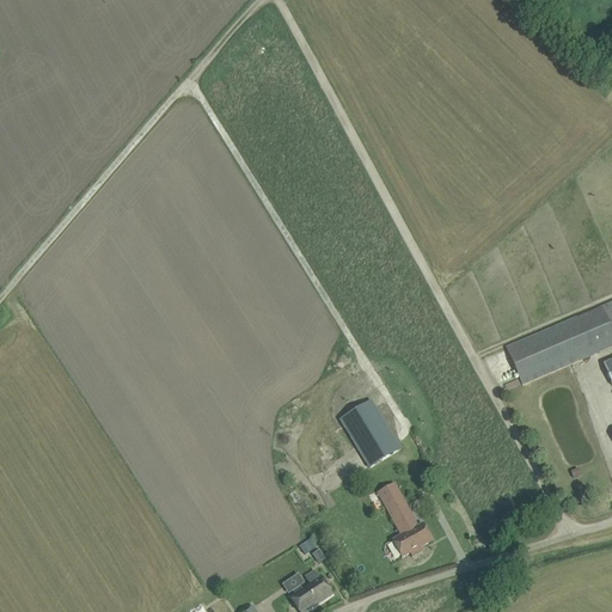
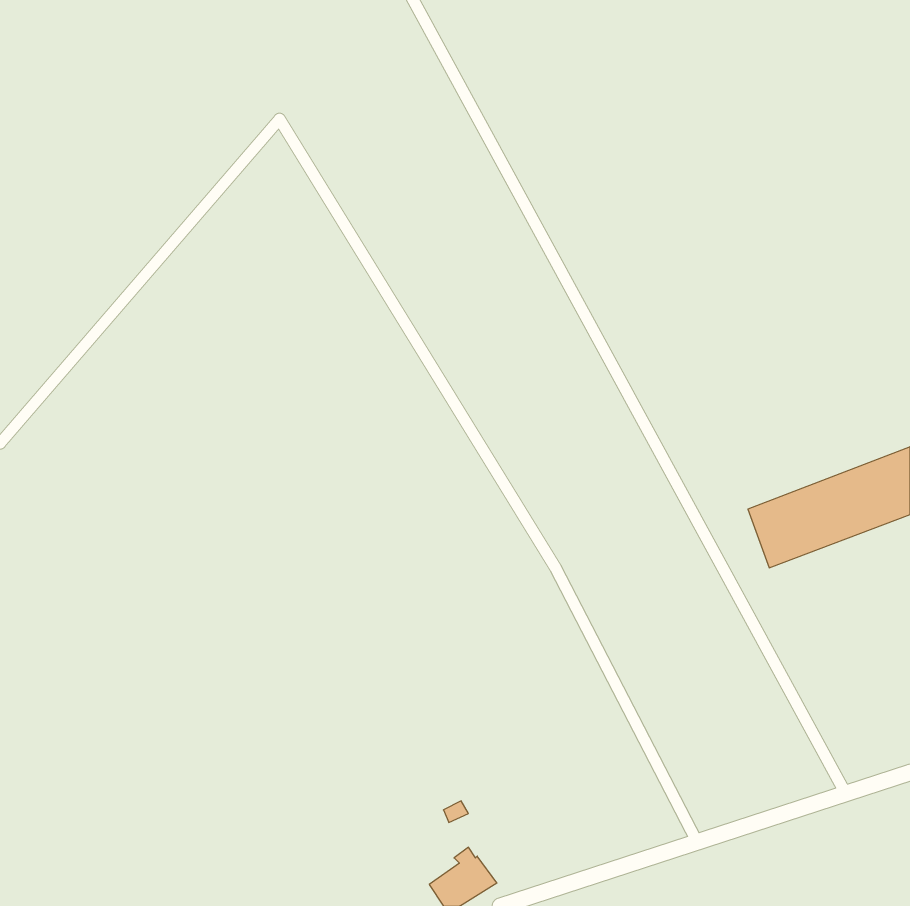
building: [341,399,400,466] -> none
building: [378,483,433,557] -> none

